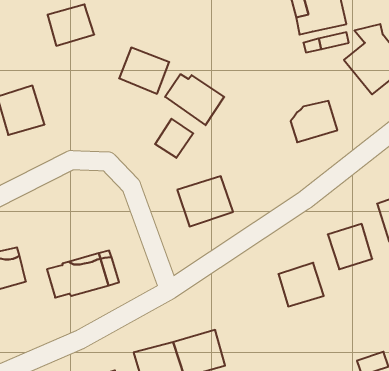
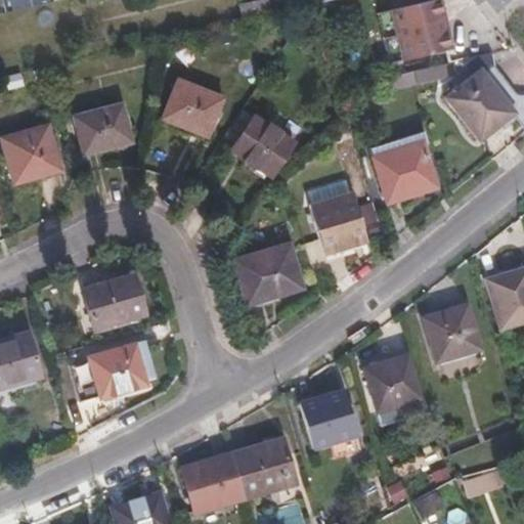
building: [47,4,94,46] -> [76,107,135,160]
building: none -> [370,131,427,174]
building: [155,119,193,158] -> none
building: none -> [303,190,367,255]
building: none -> [85,273,146,326]
building: none -> [298,390,359,449]

